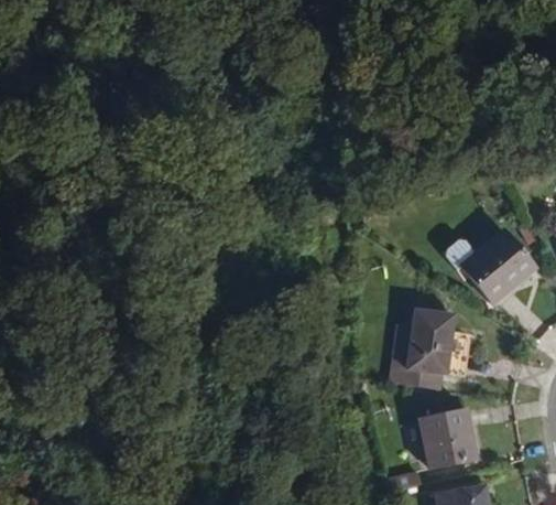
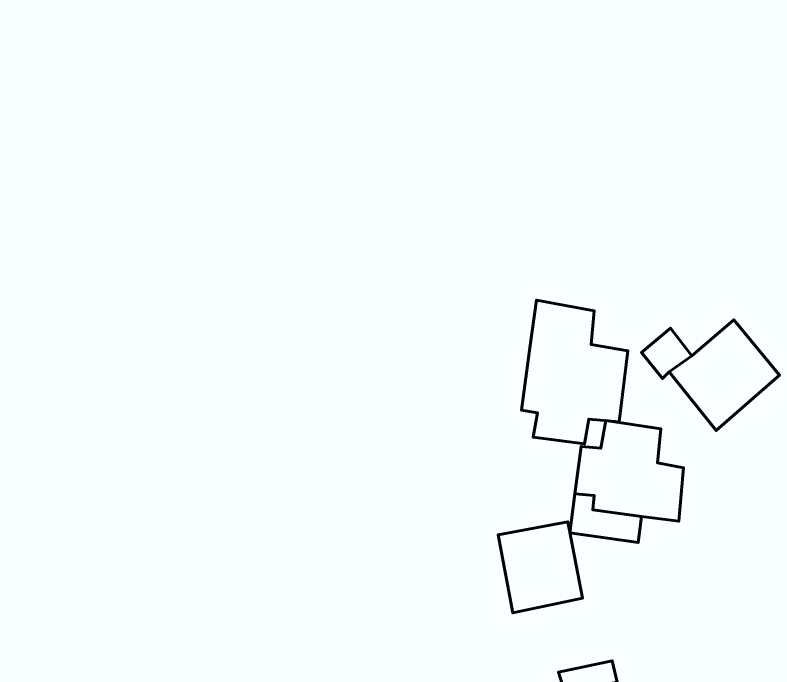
building: none -> [522,300,628,444]
building: [419,406,477,468] -> [498,522,582,613]

